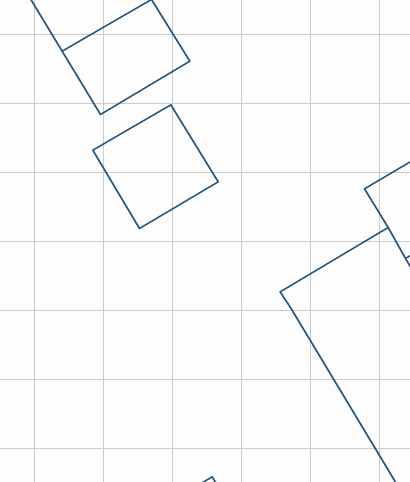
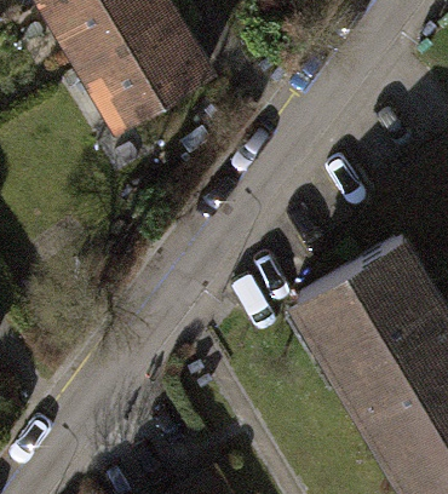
building: [93,105,218,228] -> none

